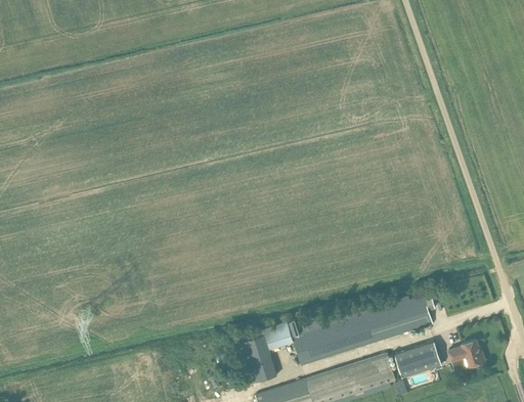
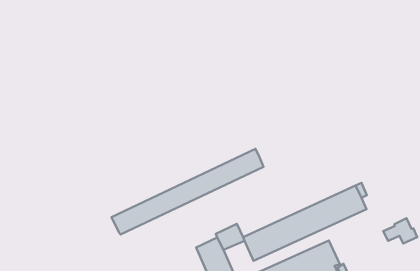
building: none -> [111,149,263,235]
building: [392,339,439,376] -> none

